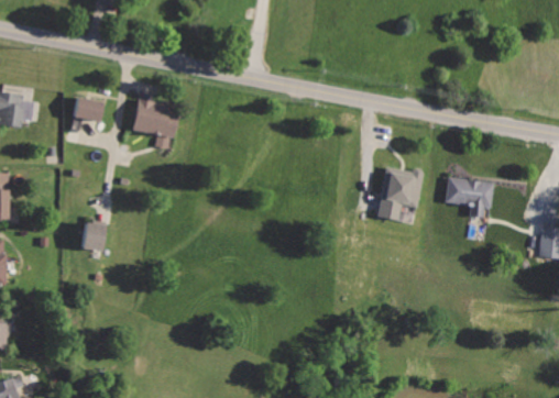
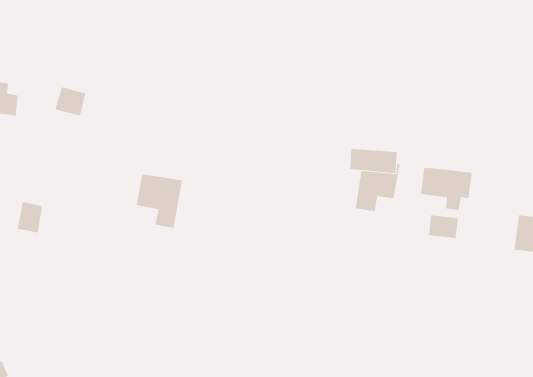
building: [134,99,182,154] -> [136,174,183,228]
building: [81,220,108,252] -> [17,202,43,233]
building: none -> [429,215,458,239]

